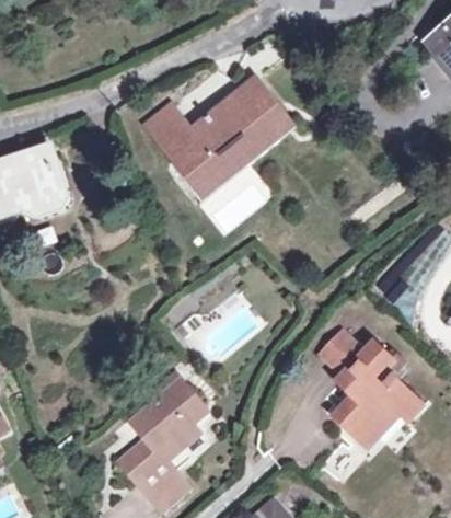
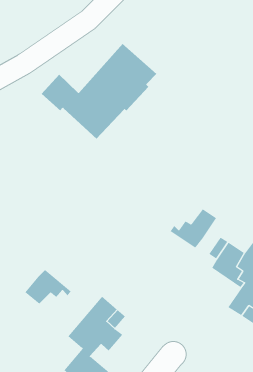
building: none -> [170,209,217,249]
building: none -> [25,269,71,305]

